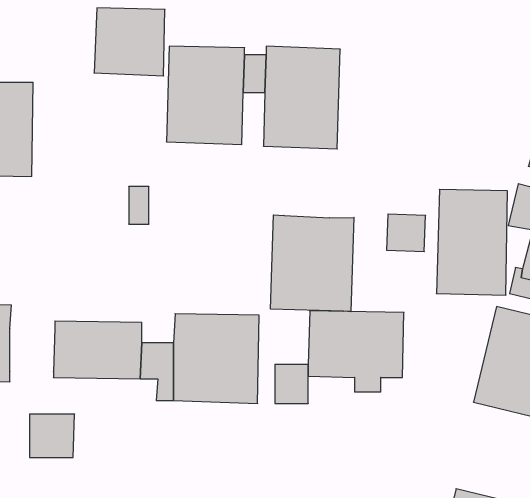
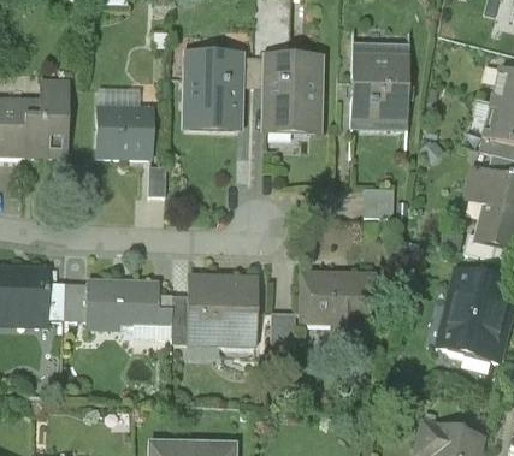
building: [94,8,165,76] -> [94,105,153,161]
building: [436,189,507,295] -> [350,42,409,130]
building: [271,215,354,312] -> none
building: [30,414,75,457] -> [49,284,87,320]

